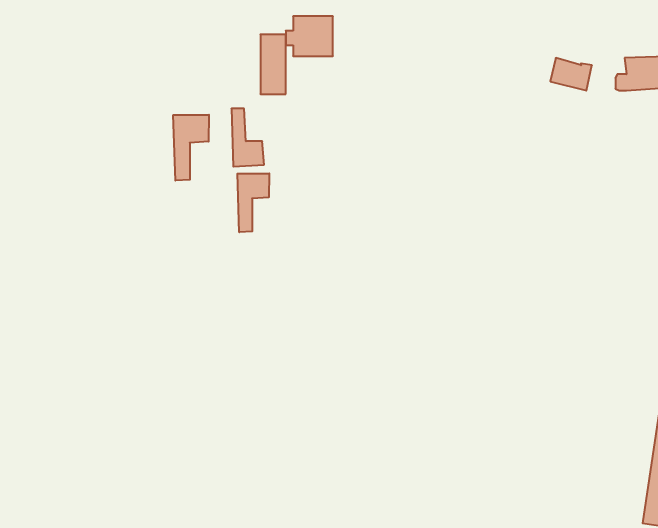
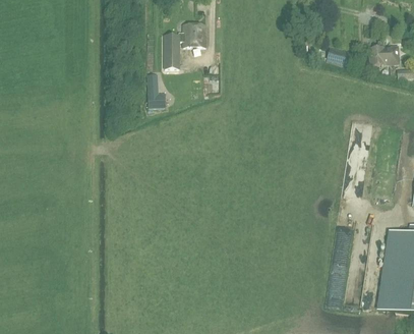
building: [173,115,209,181] -> none
building: [237,173,269,232] -> none

